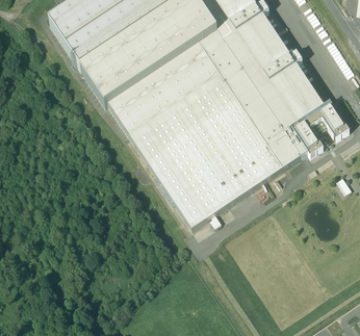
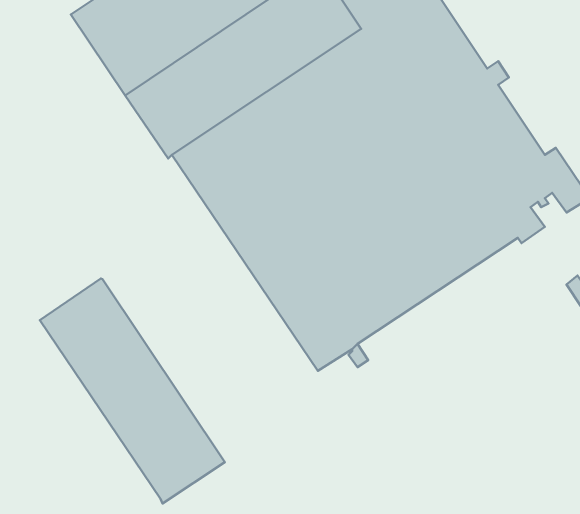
building: none -> [40,279,225,503]

